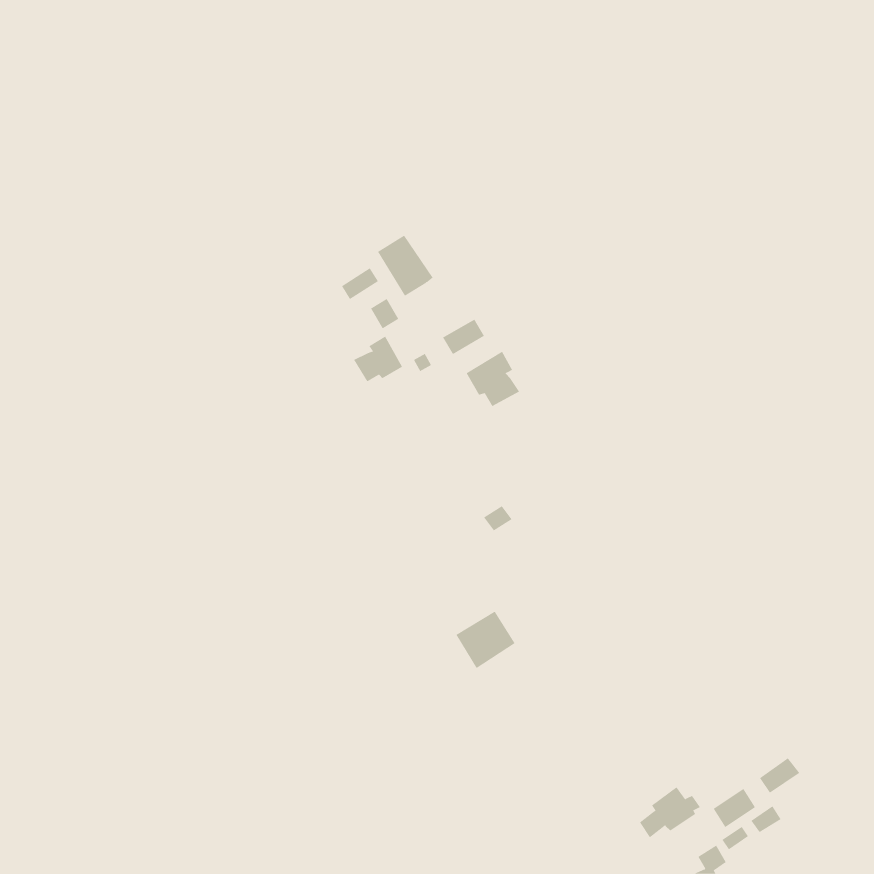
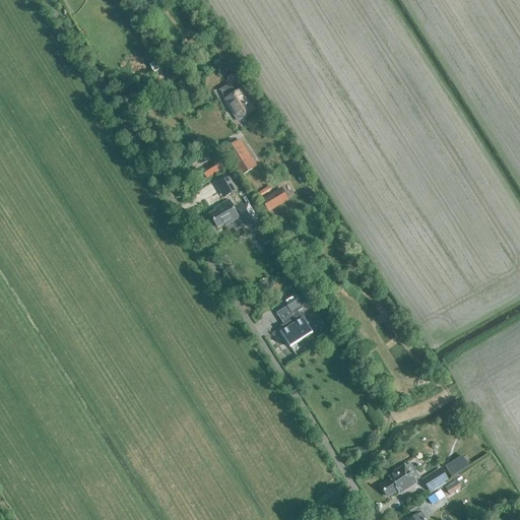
building: none -> [221,83,255,120]
building: [466,351,520,407] -> none
building: [456,611,516,669] -> [278,314,314,348]

